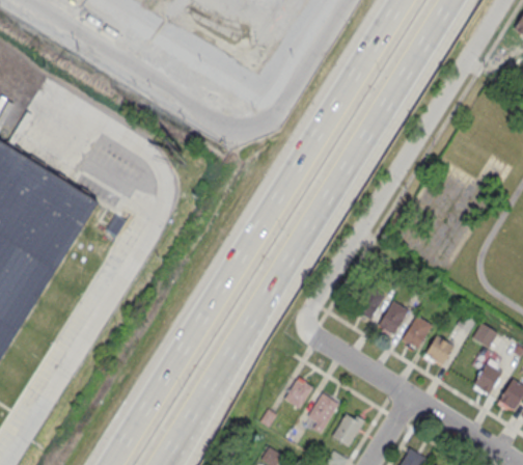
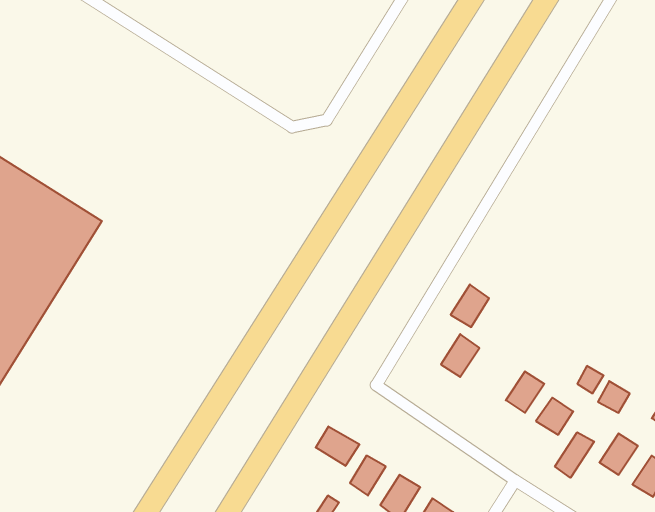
building: [377,301,406,333] -> [451,284,489,327]
building: none -> [316,426,359,466]
building: none -> [555,432,594,478]

